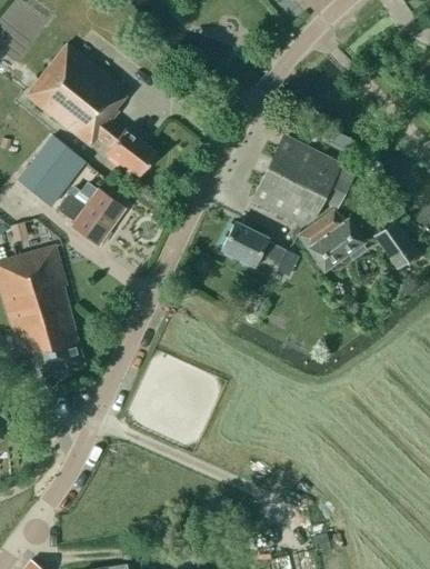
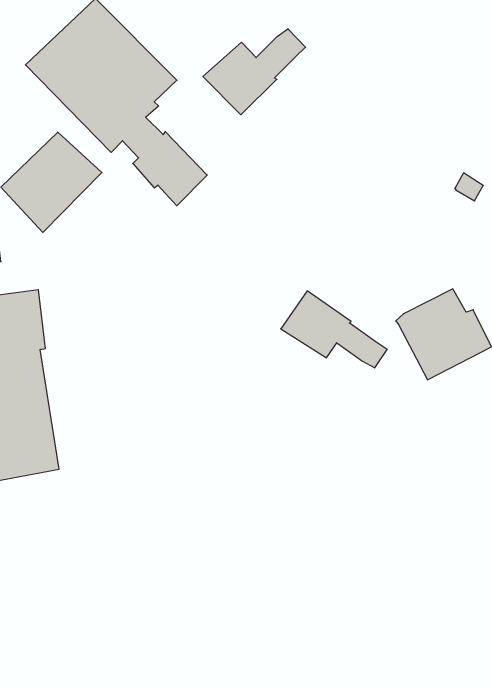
building: none -> [203,29,306,115]
building: [251,134,348,226] -> none
building: [56,189,124,244] -> none

